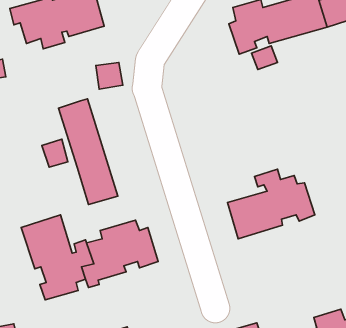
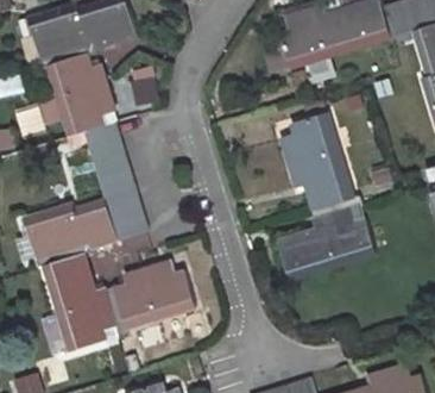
building: none -> [38,50,113,135]
building: none -> [277,111,361,212]
building: none -> [20,198,116,268]

